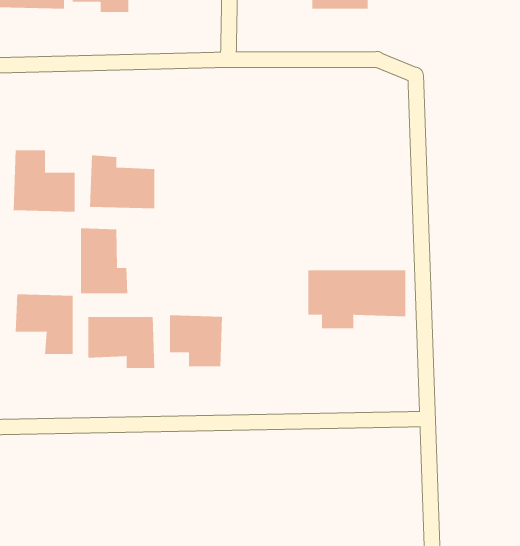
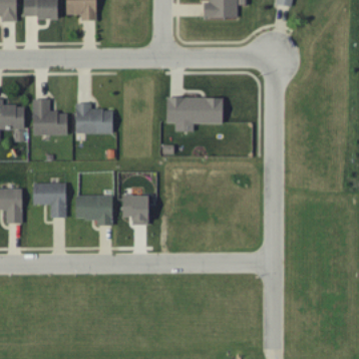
building: [81,228,128,294] -> none
building: [307,270,406,329] -> [166,97,224,131]

